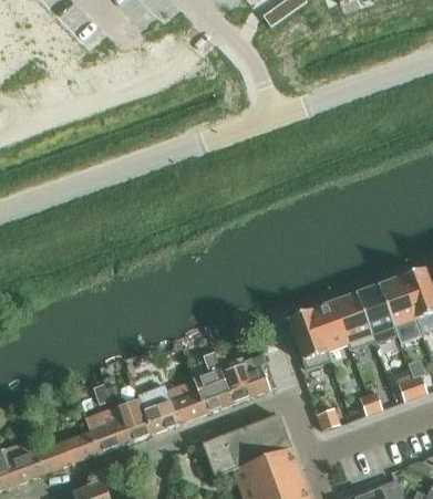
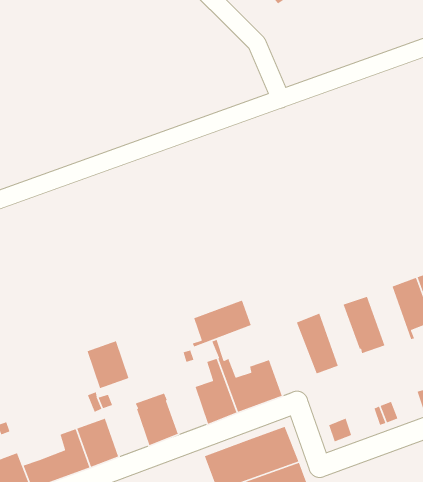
building: [353,284,393,342] -> none
building: none -> [191,300,252,348]
building: [309,301,346,358] -> none
building: [167,377,205,422] -> none
building: [111,397,151,443] -> [87,340,130,389]

